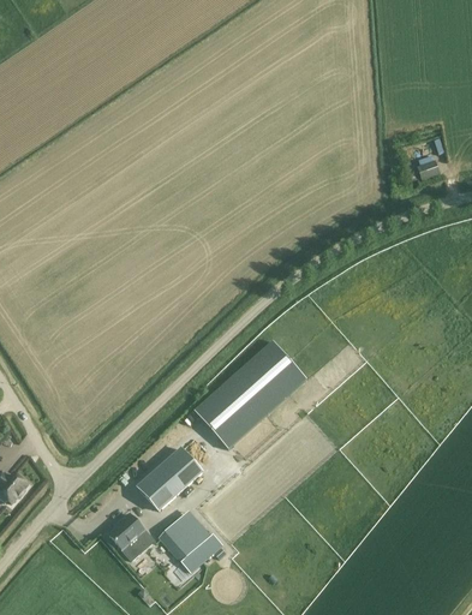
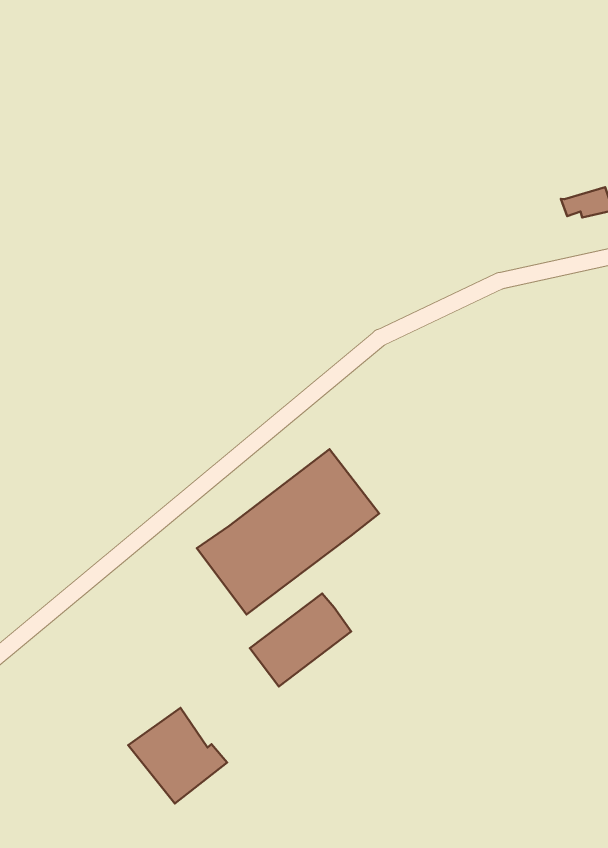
building: [137,448,201,509] -> [250,593,351,686]
building: [108,513,153,560] -> none

